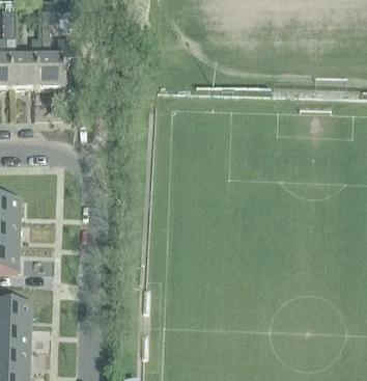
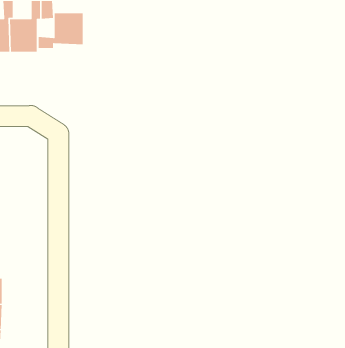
building: none -> [38,12,84,49]

